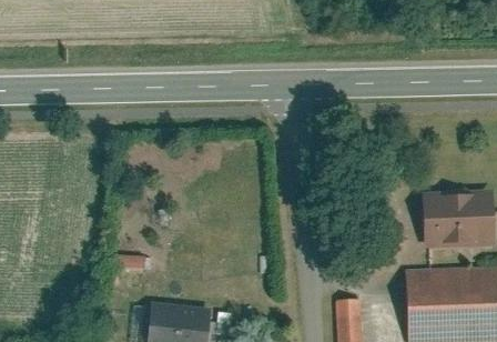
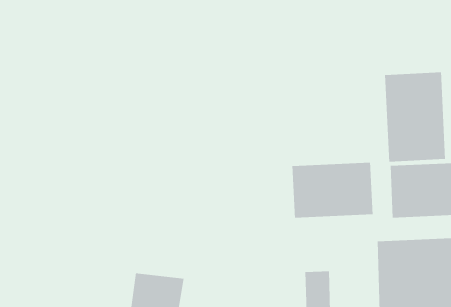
building: none -> [385,72,445,162]
building: none -> [292,162,373,218]

